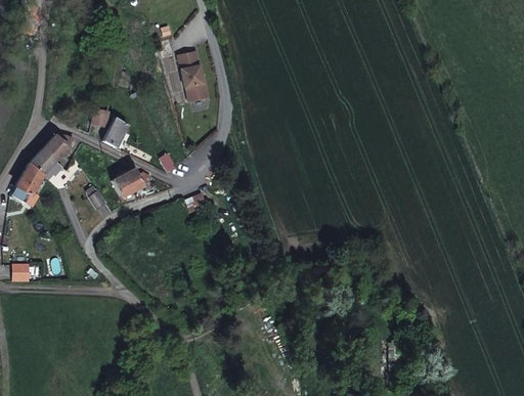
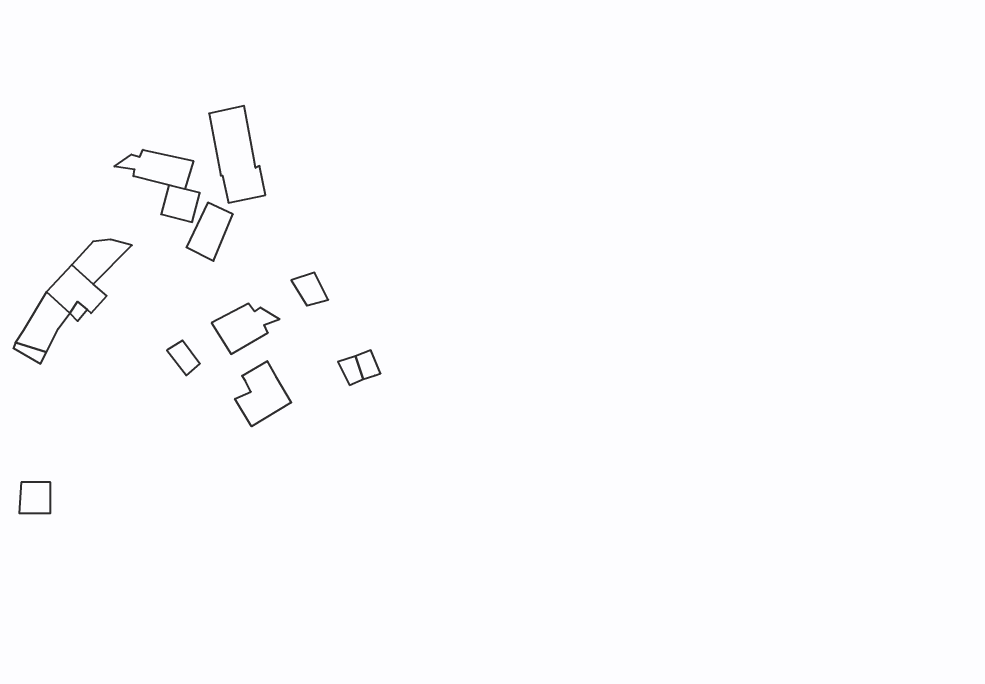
building: [179,50,209,101] -> [209,106,265,203]
building: none -> [114,150,193,189]
building: none -> [235,361,291,426]

